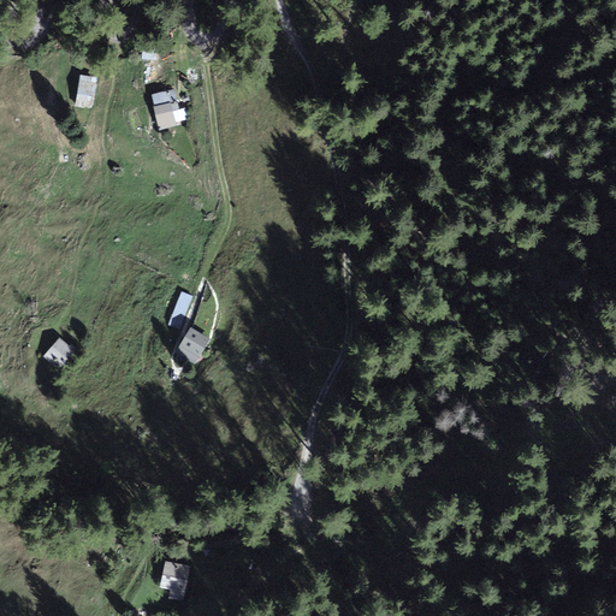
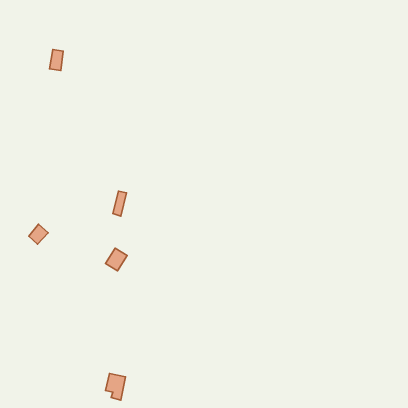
building: [154,101,186,125] -> none
building: [176,327,208,361] -> [105,248,127,271]

